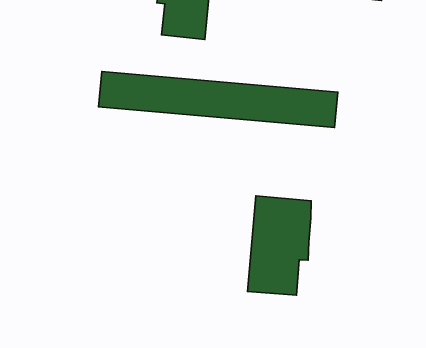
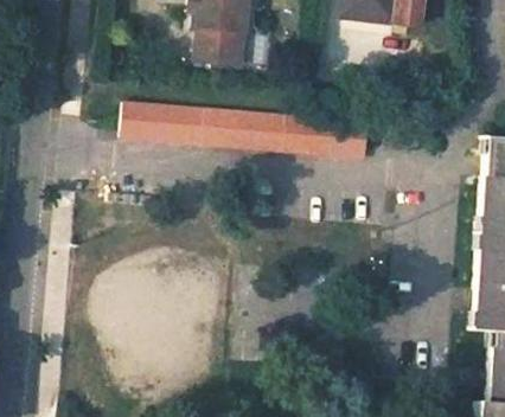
building: [248,196,311,295] -> none

